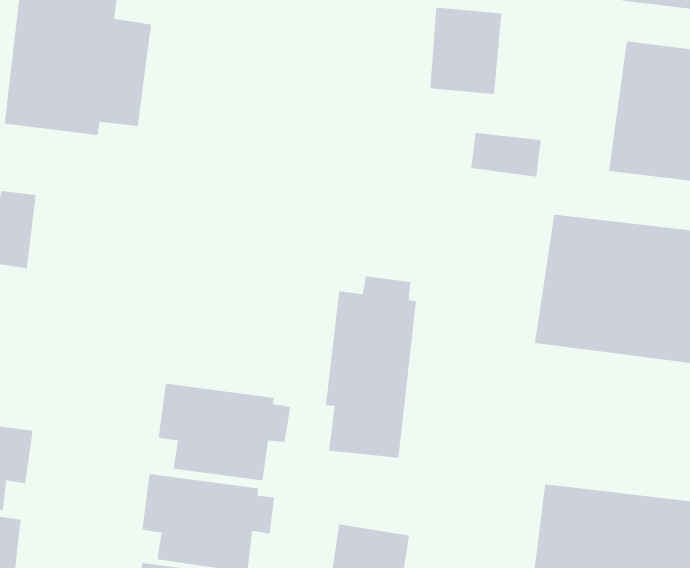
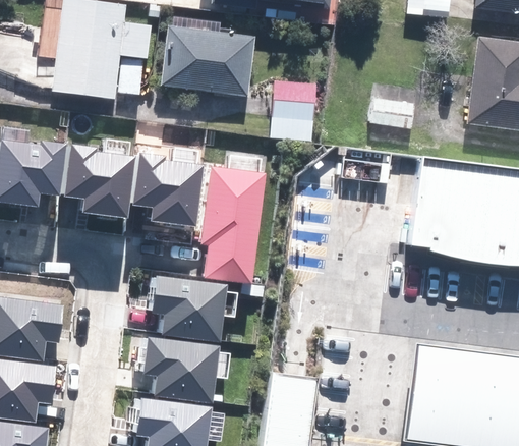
building: [430,7,502,95] -> [268,78,318,138]
building: none -> [153,26,251,100]
building: none -> [65,138,136,218]
building: none -> [133,147,205,226]
building: [325,276,417,458] -> [203,156,266,281]

